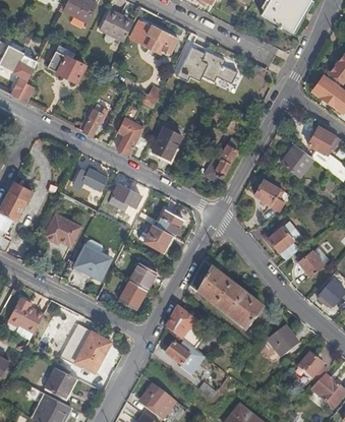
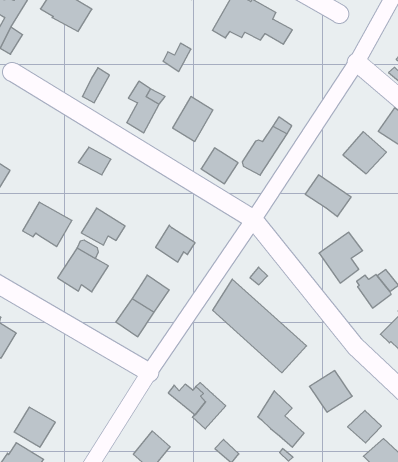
building: [109,183,141,210] -> [81,208,125,245]
building: [156,209,183,236] -> [201,148,238,184]
building: [167,307,203,349] -> [258,391,304,447]
building: [64,324,114,373] -> none

